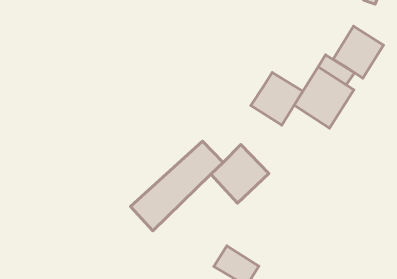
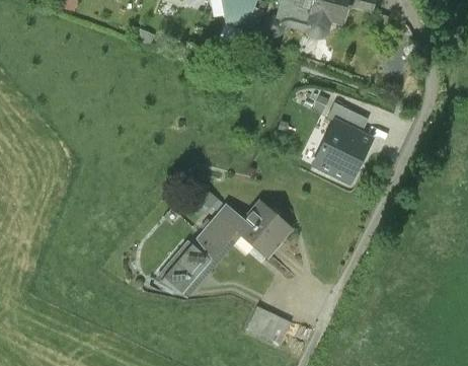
building: [333,26,384,78] -> none
building: [251,73,303,125] -> none

